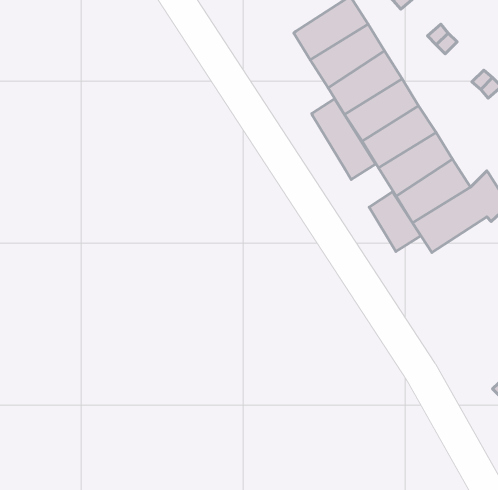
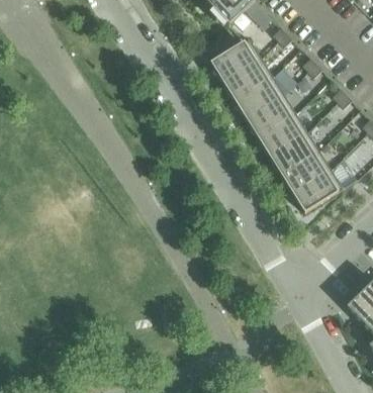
building: [312,99,376,179] -> none
building: [369,192,421,252] -> none

